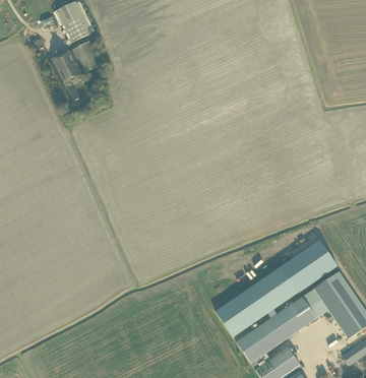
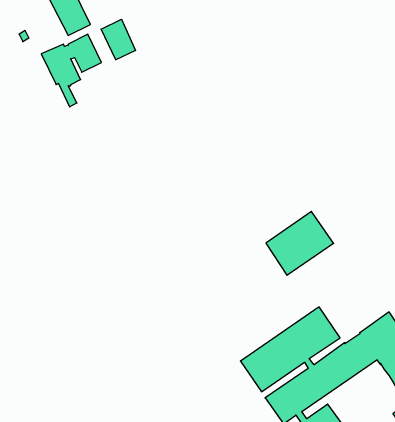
building: none -> [101,19,135,60]
building: [282,239,338,292] -> [266,211,334,275]

